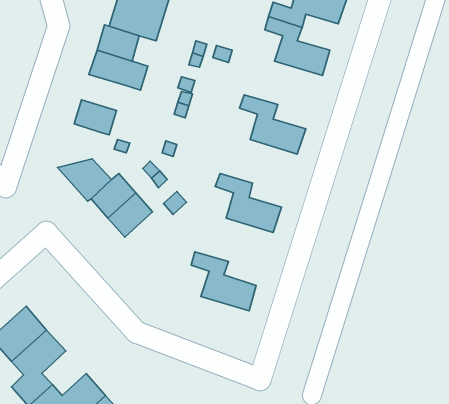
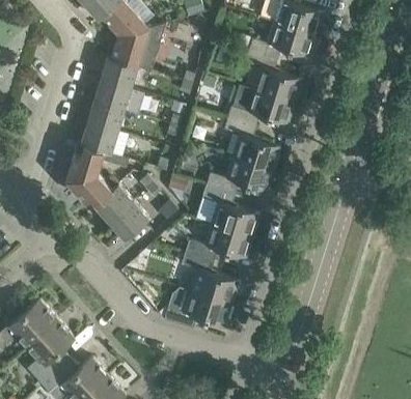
building: none -> [227,89,295,126]
building: none -> [87,101,125,132]
building: none -> [66,142,104,180]
building: none -> [207,156,273,194]
building: none -> [185,224,252,261]
building: none -> [164,291,231,330]

